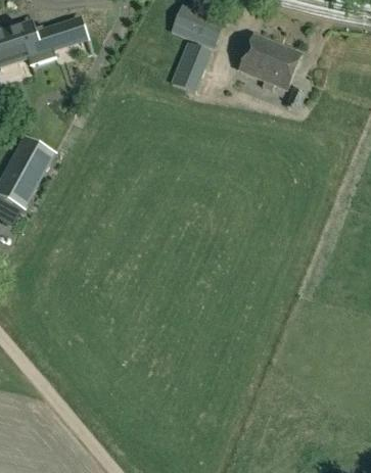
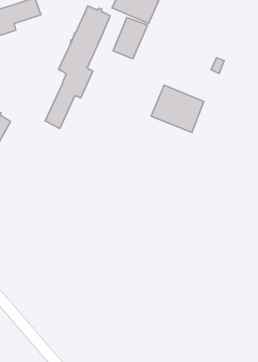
building: none -> [45,6,110,128]
building: [237,34,299,90] -> [151,85,204,133]

